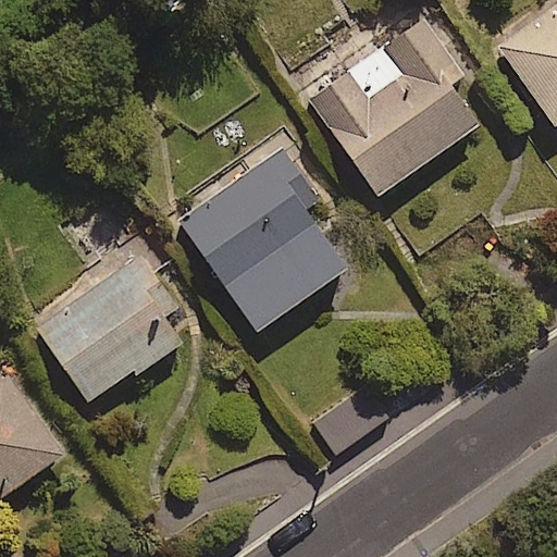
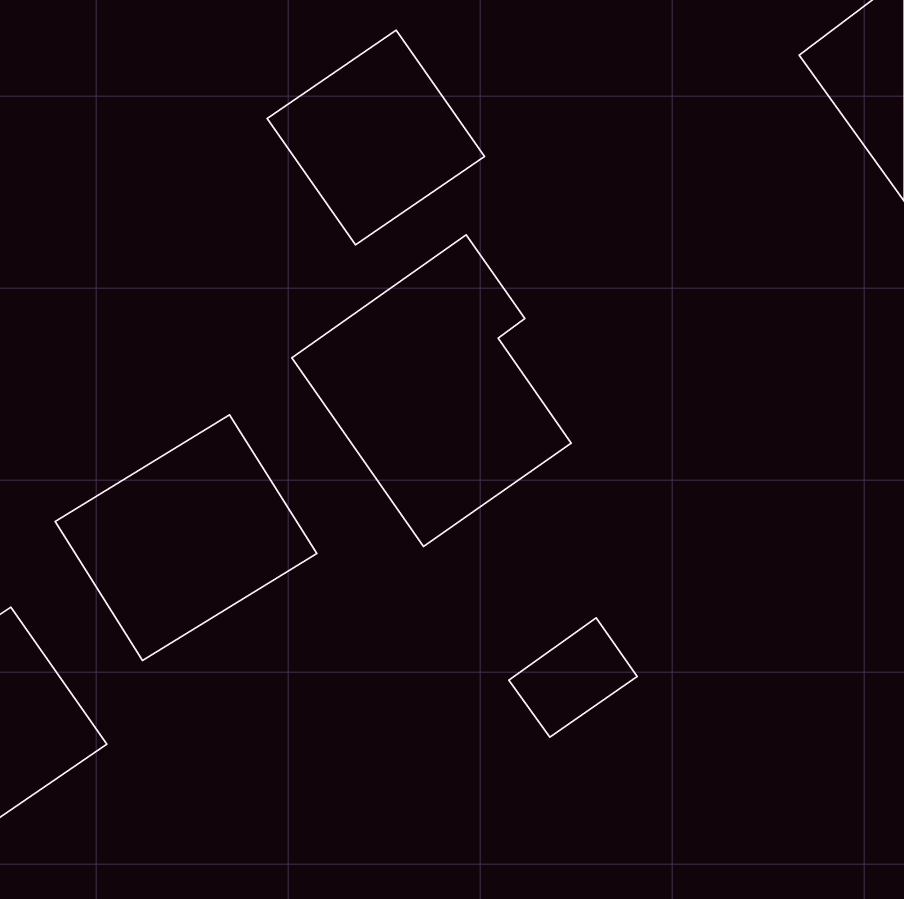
building: none -> [267,30,484,245]
building: [309,20,479,198] -> none

